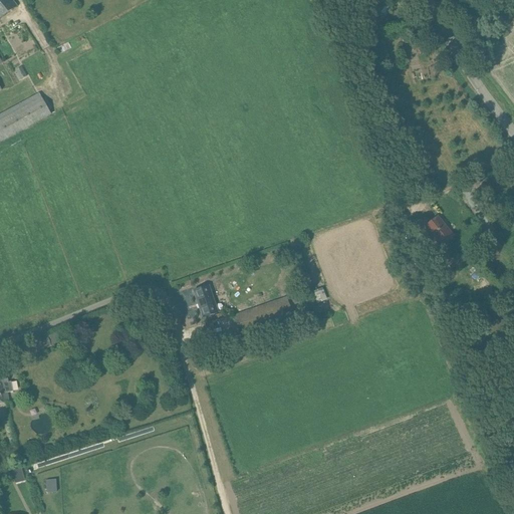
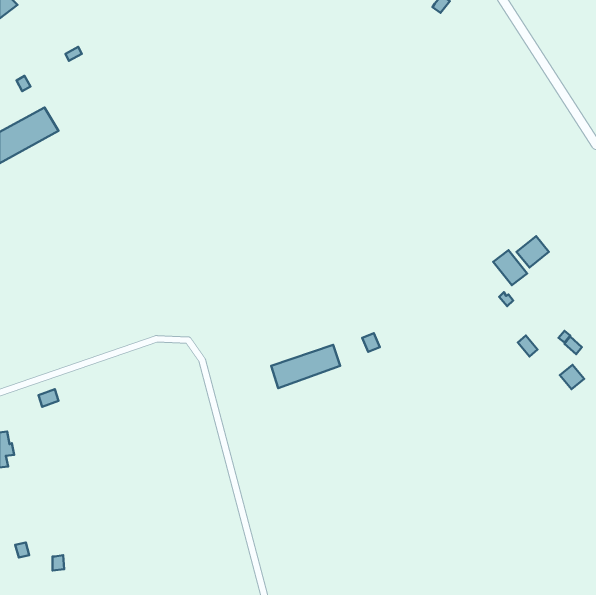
building: none -> [517,236,549,267]
building: [193,283,217,316] -> none

